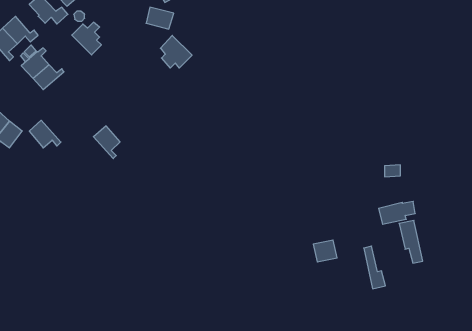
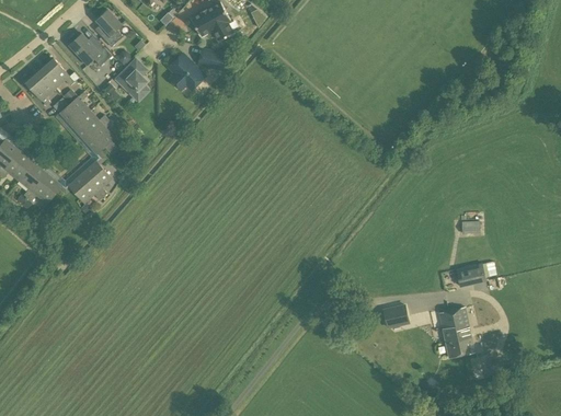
building: [160,35,192,68] -> [169,53,204,89]
building: none -> [83,118,114,152]
building: [93,126,120,159] -> [81,160,111,196]
building: [399,220,423,263] -> [447,308,473,355]

